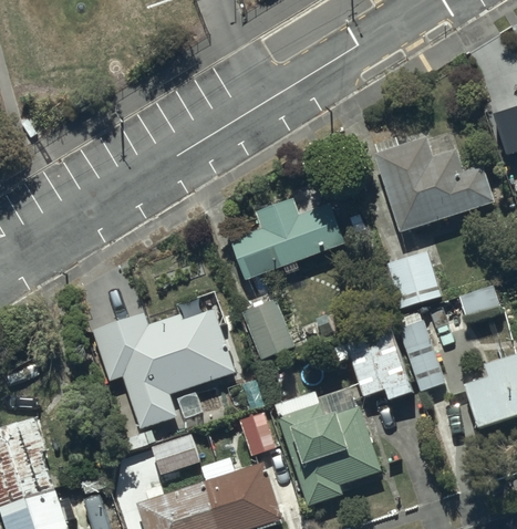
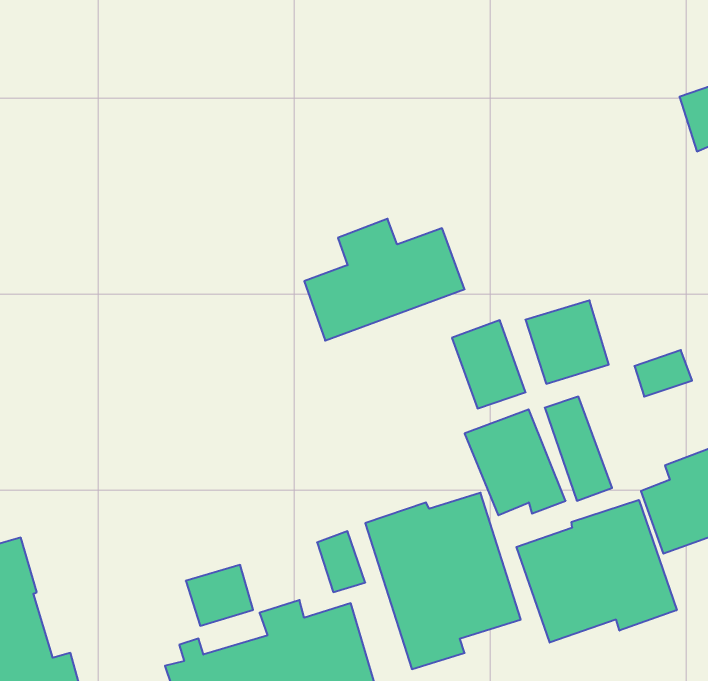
building: [373,134,497,232] -> none
building: [241,301,292,362] -> [452,320,526,408]
building: [93,310,235,431] -> none
building: none -> [516,500,677,643]

